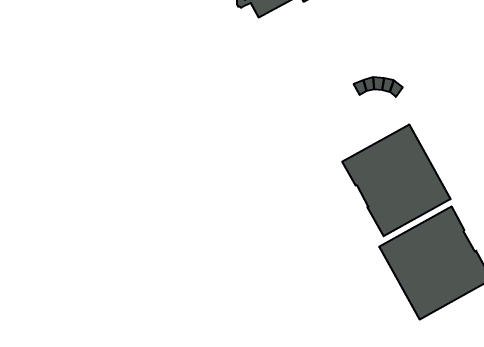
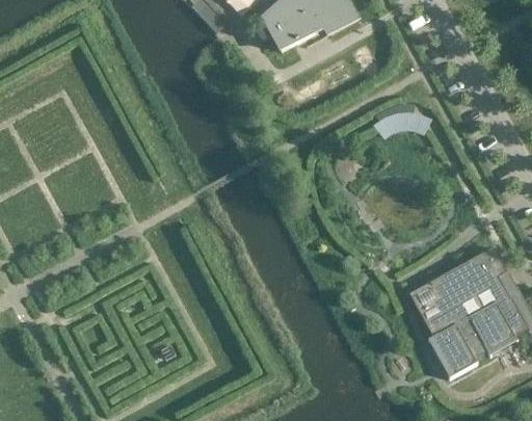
building: [342,124,451,236] -> none

